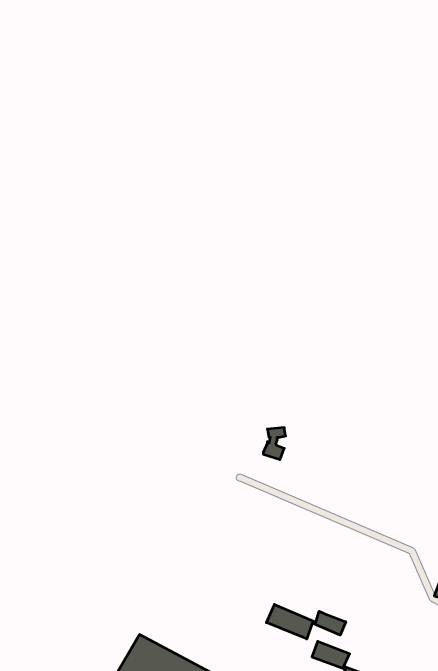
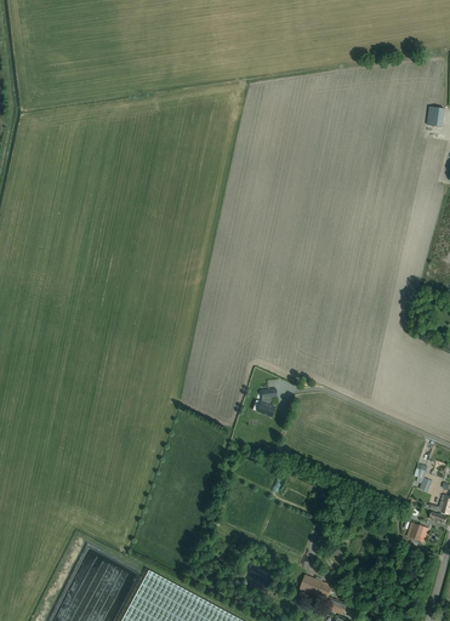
building: [266,604,346,639] -> none

